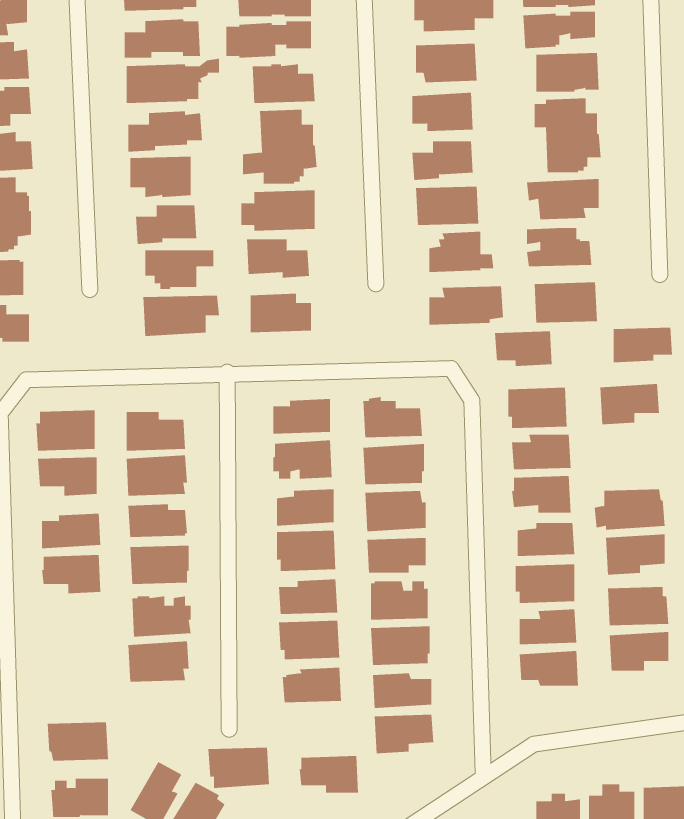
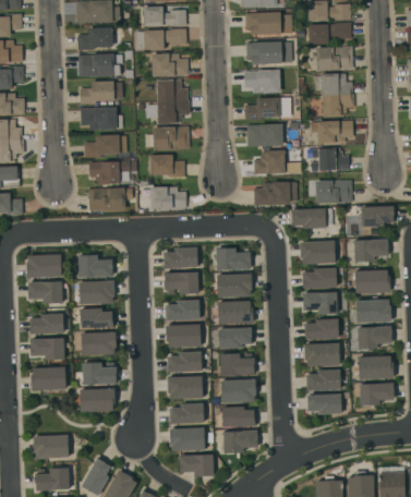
building: none -> [354,270,390,293]
building: none -> [31,367,65,390]
building: [208,747,270,788] -> [169,427,205,451]

